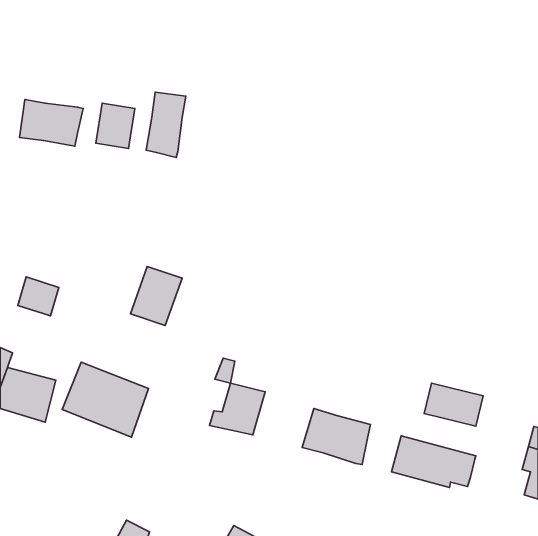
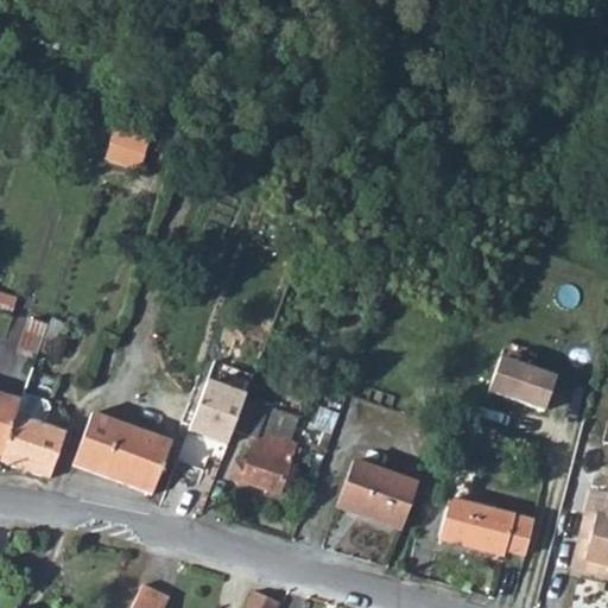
building: [146,92,186,158] -> none
building: [20,100,83,146] -> none
building: [130,267,182,326] -> [183,379,241,445]
building: [424,383,483,426] -> [498,356,564,405]

